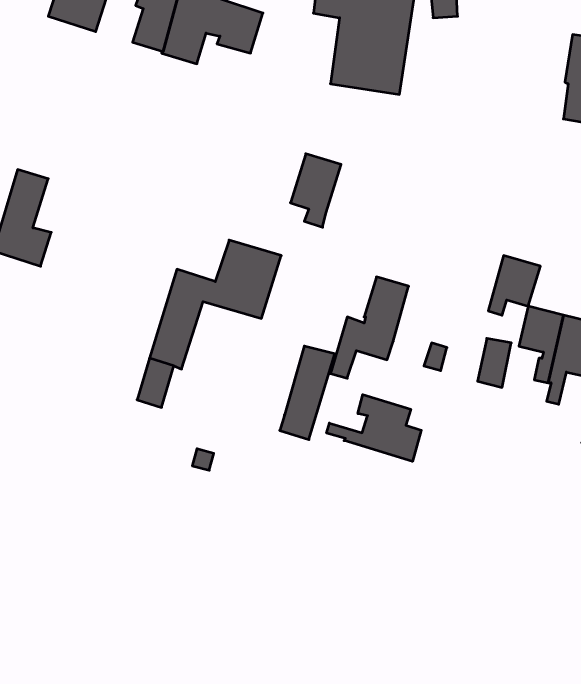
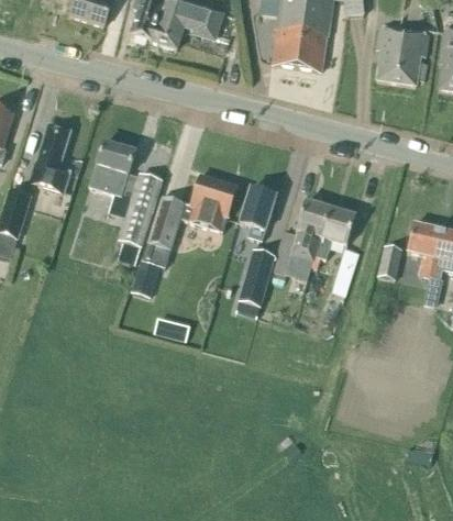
building: none -> [376,24,428,84]
building: [290,154,341,227] -> [239,186,275,239]
building: none -> [89,140,162,263]
building: [488,256,540,315] -> [317,207,354,250]
building: [327,395,421,461] -> none

